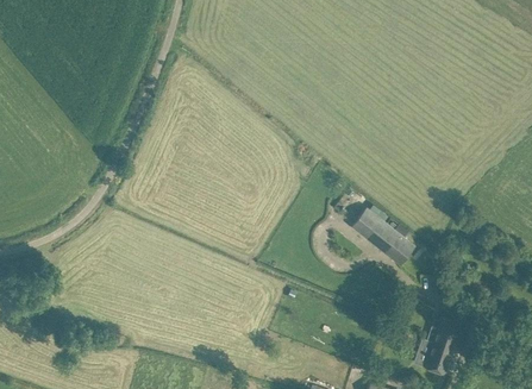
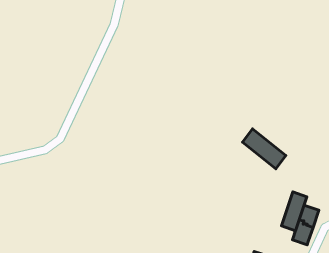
building: none -> [281,192,307,231]

